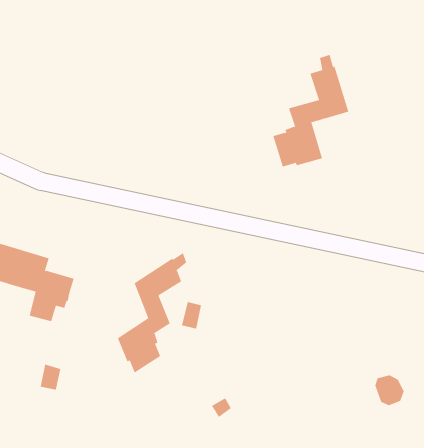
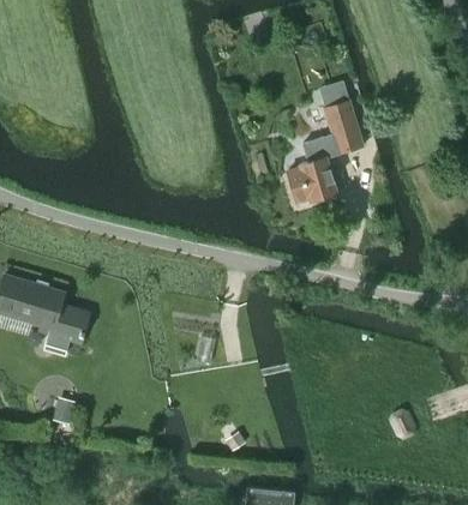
building: [117,252,187,373] -> none

